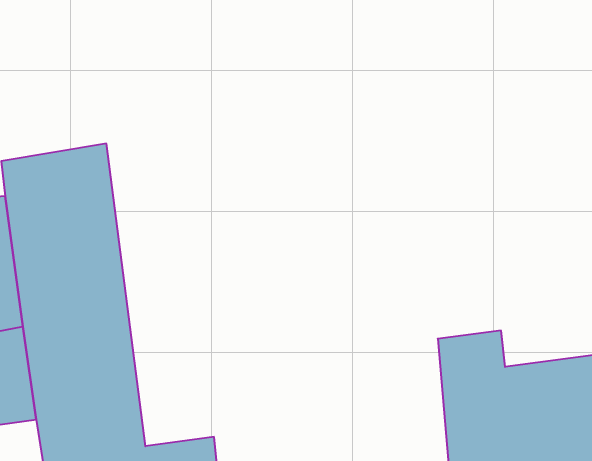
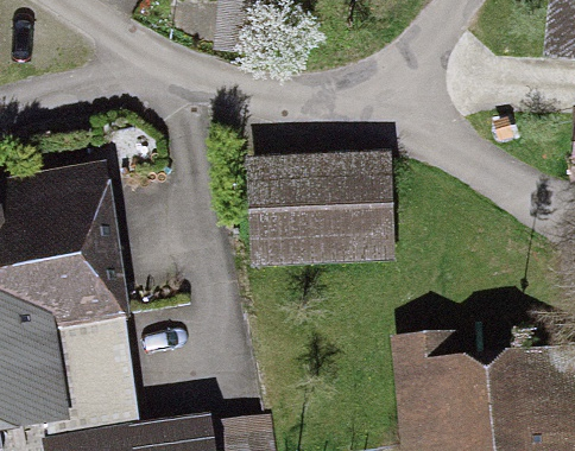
building: none -> [257,165,386,256]

